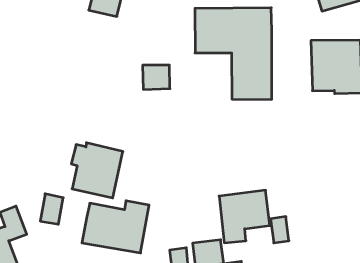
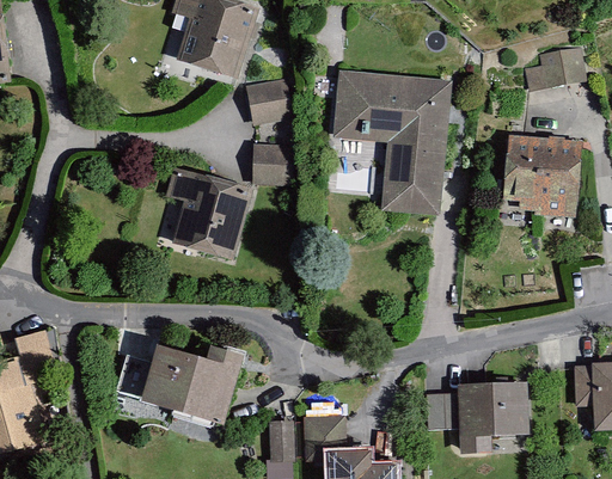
building: none -> [247,86,296,123]
building: [71,143,123,198] -> [169,172,249,257]
building: [219,190,270,243] -> [455,381,526,453]
building: [40,194,63,224] -> [115,354,152,400]

